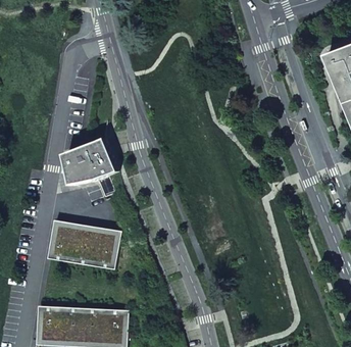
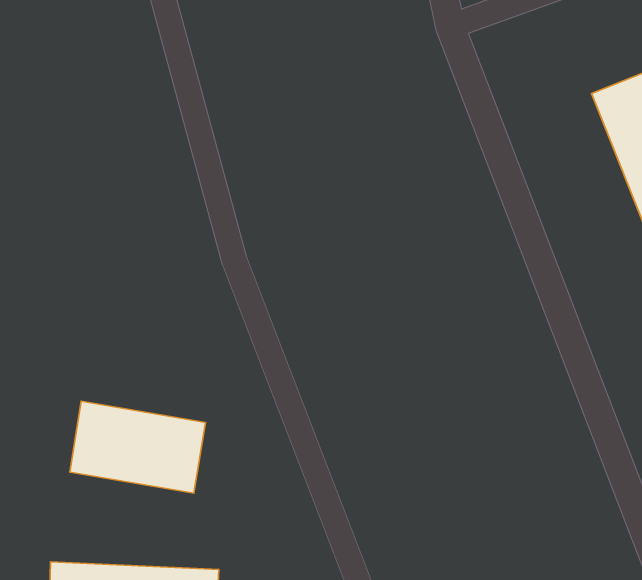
building: [62,138,115,197] -> none

